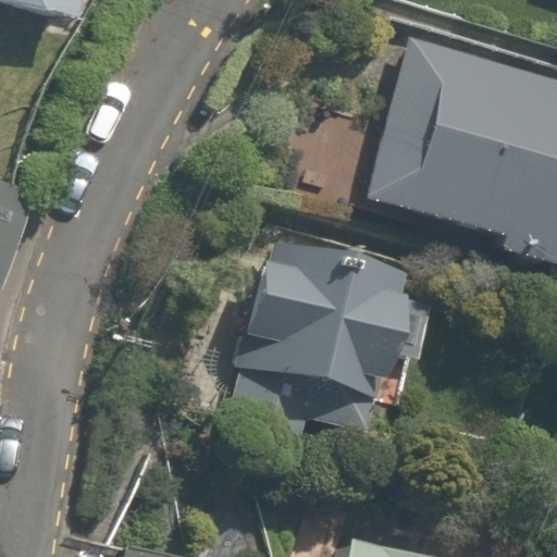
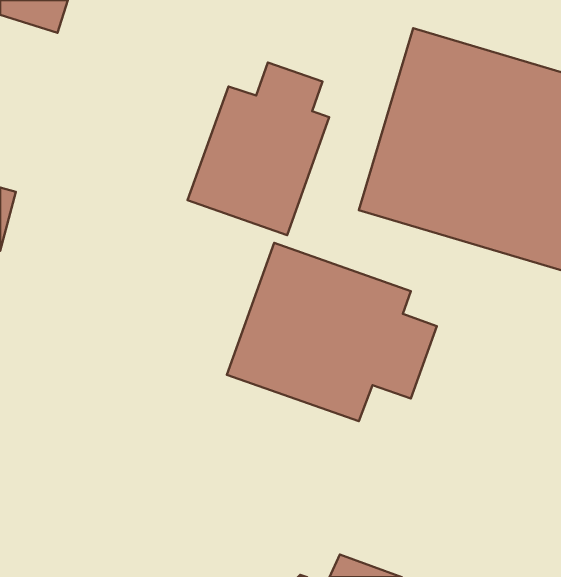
building: none -> [188,63,329,235]

